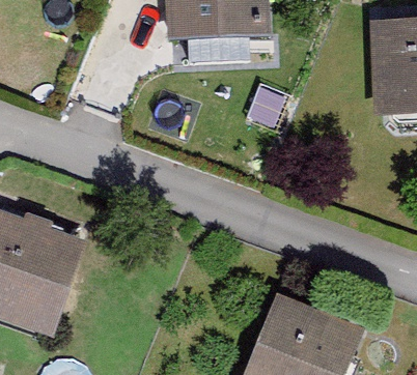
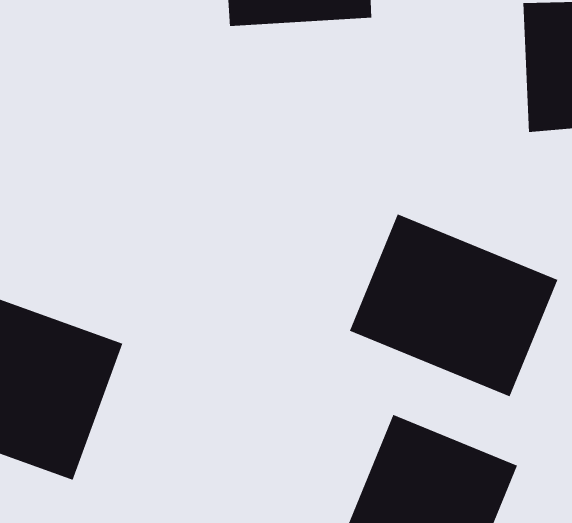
building: none -> [349,214,558,397]

